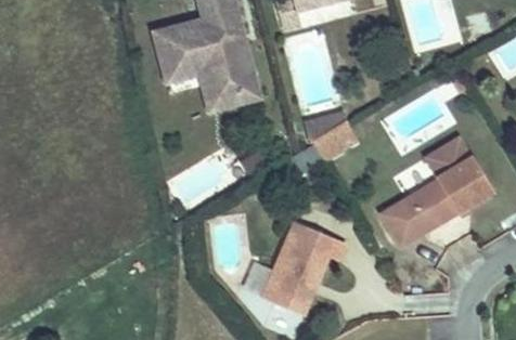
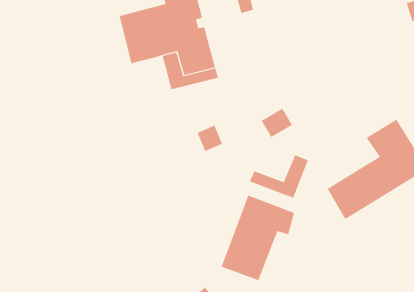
building: none -> [249,154,309,198]

